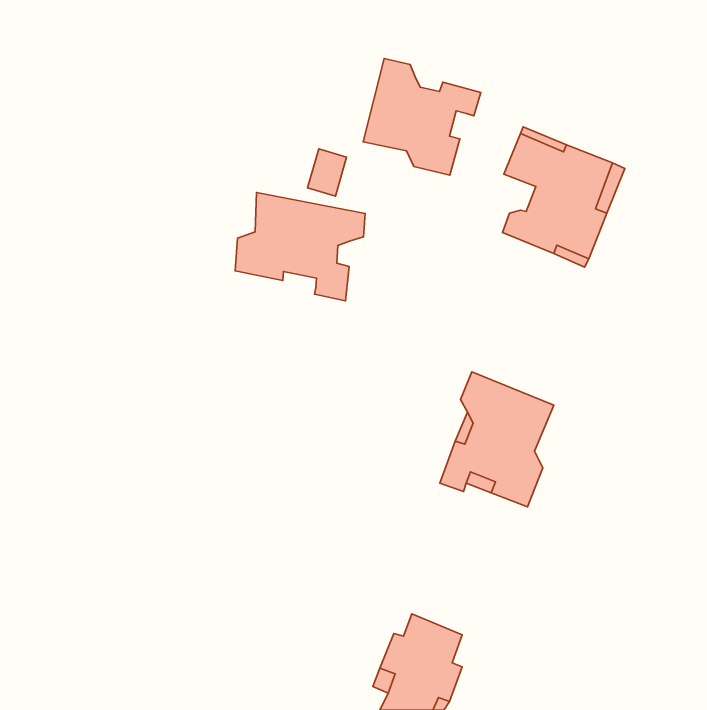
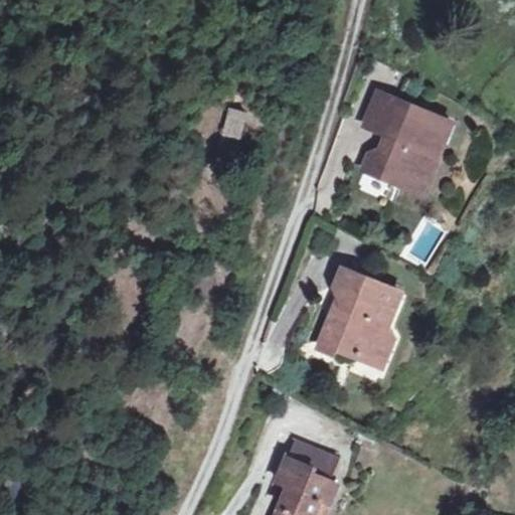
building: [363,58,481,175] -> none
building: [235,192,365,301] -> none

